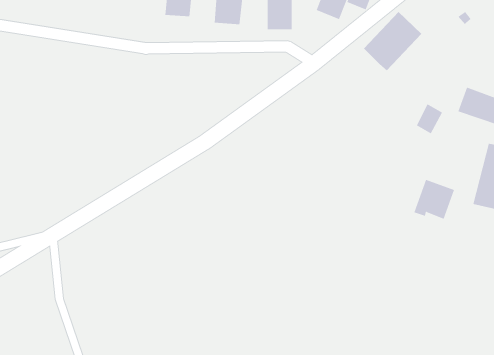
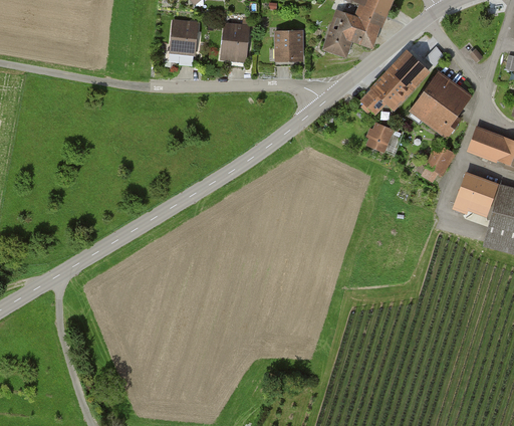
building: none -> [410,71,473,136]
building: none -> [359,87,388,116]
building: none -> [366,122,394,151]
building: [414,179,455,219] -> [453,172,495,213]

